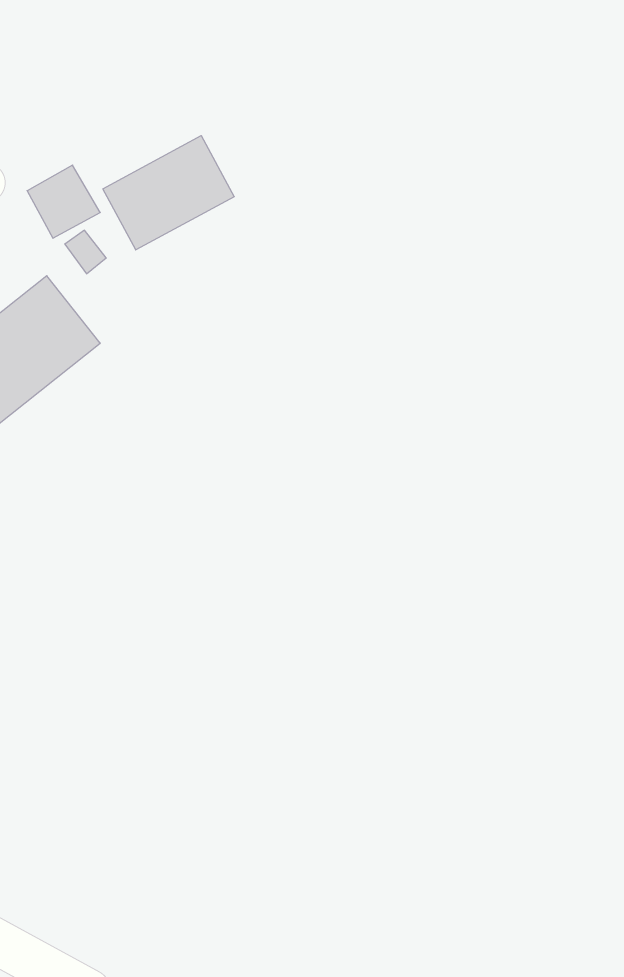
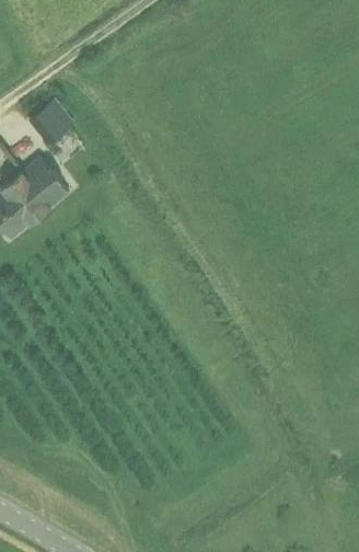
building: [103,136,234,250] -> none

